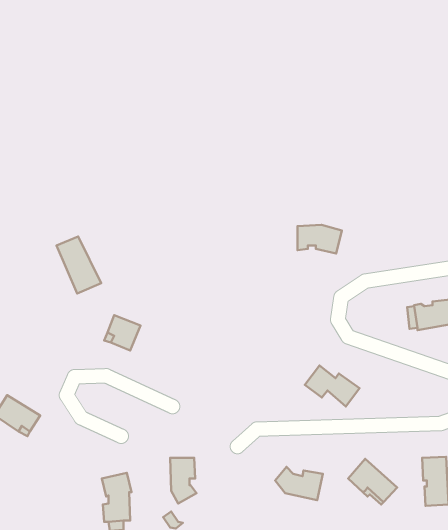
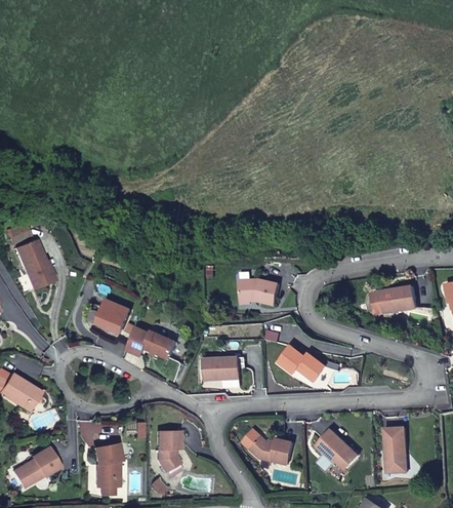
building: [298,225,342,253] -> [239,279,279,305]
building: [57,237,101,294] -> [14,238,54,289]
building: none -> [126,325,177,358]
building: none -> [203,356,239,380]
building: none -> [13,445,59,486]

